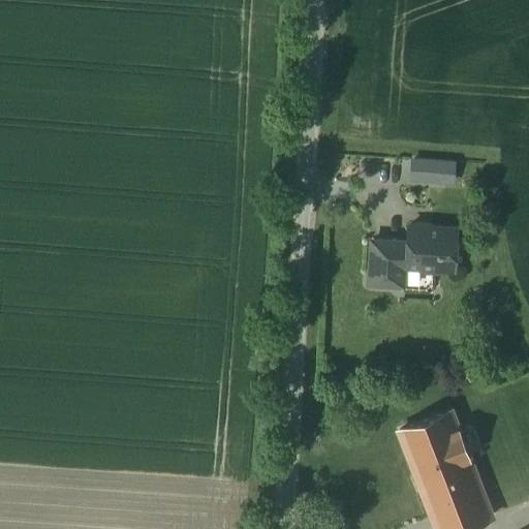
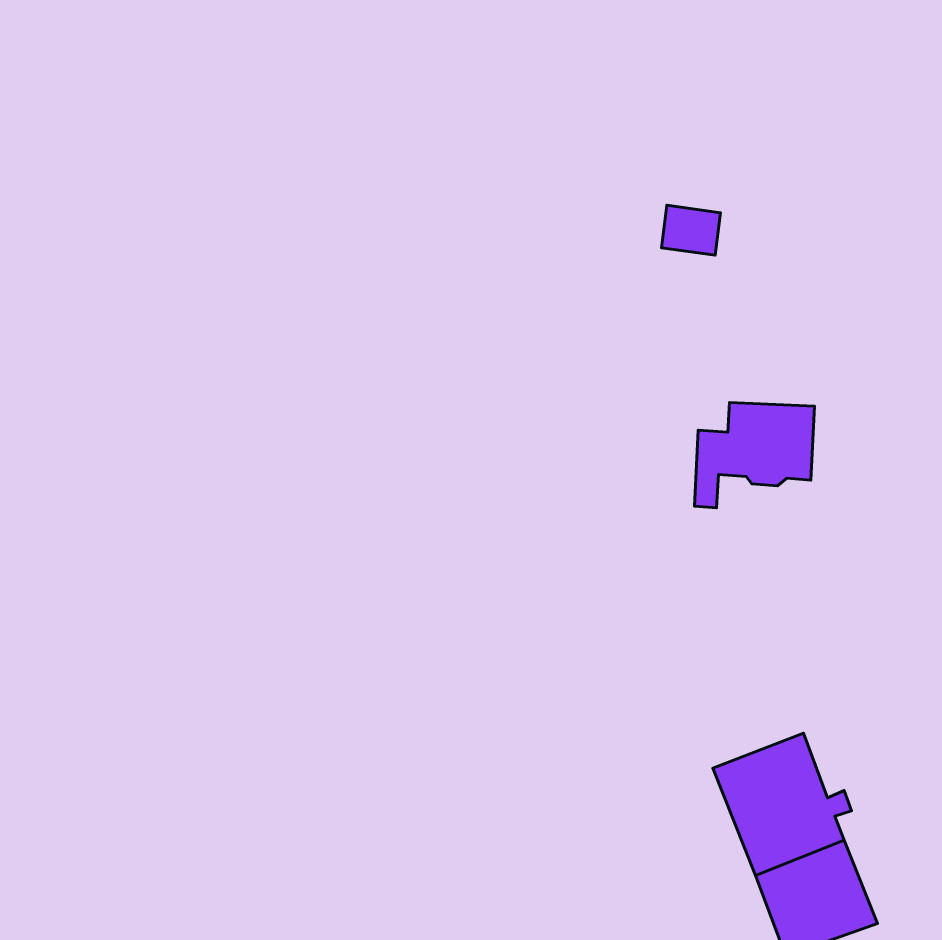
building: [409,156,442,184] -> [661,205,721,255]
building: [371,242,392,285] -> none

